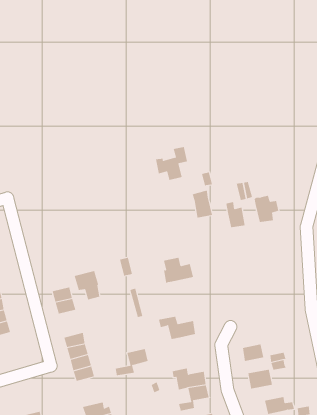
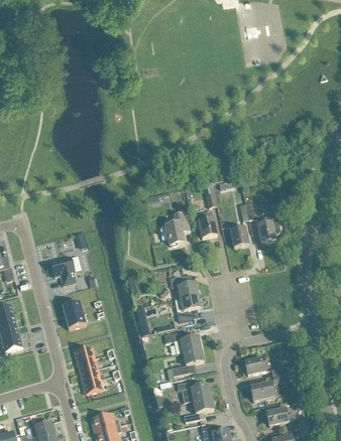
building: [155,147,188,180] -> [157,211,189,244]
building: [74,271,100,300] -> [50,256,76,284]
building: none -> [175,293,201,319]
building: [115,349,149,376] -> [172,347,204,374]

